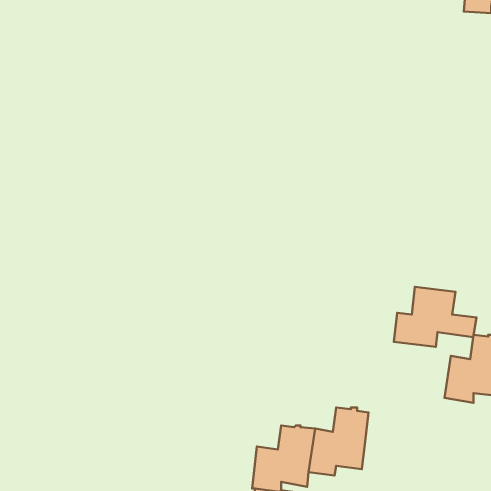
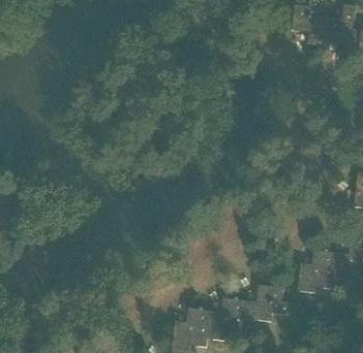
building: [394,287,476,347] -> [245,282,298,320]

